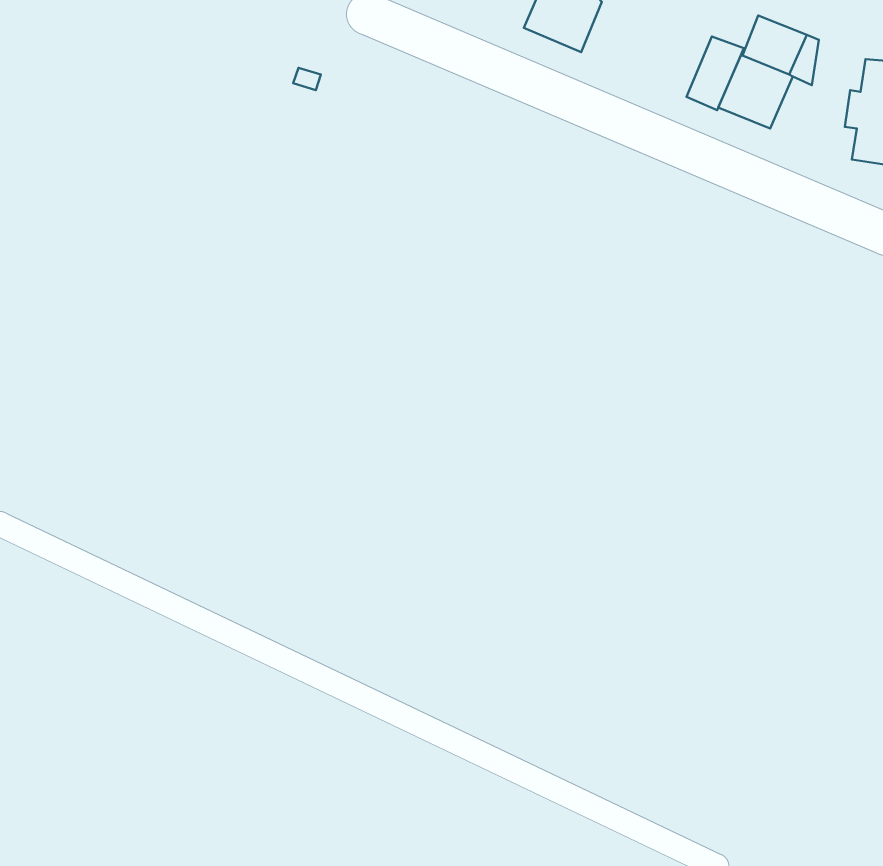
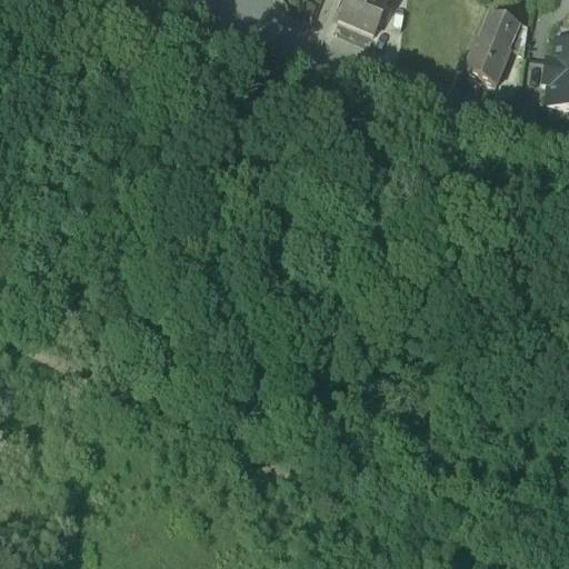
building: [686,37,744,110] -> none

